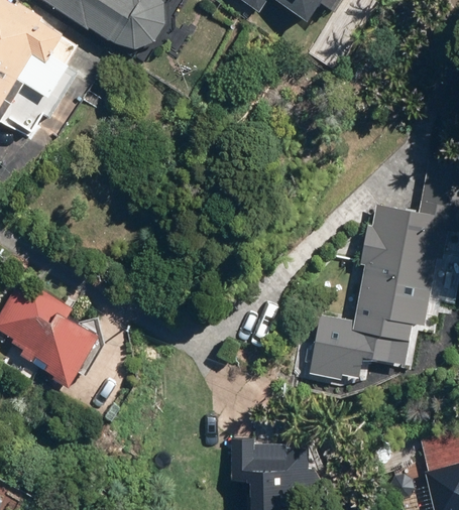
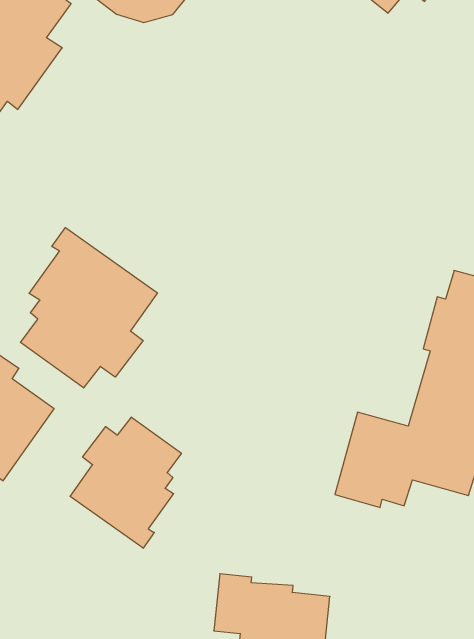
building: none -> [21,228,157,388]
building: none -> [70,417,181,548]

